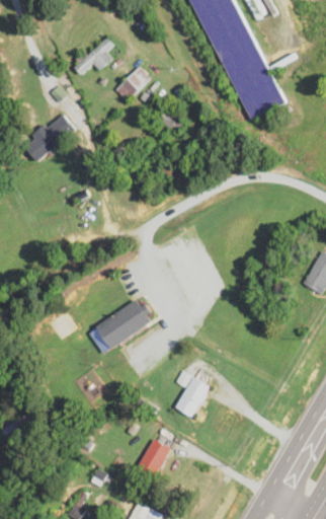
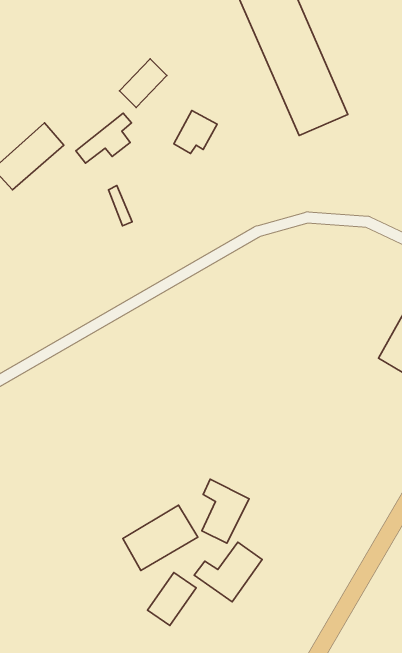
building: [73,39,113,75] -> [76,113,132,163]
building: [96,301,151,349] -> [123,505,198,571]
building: none -> [194,542,262,602]

